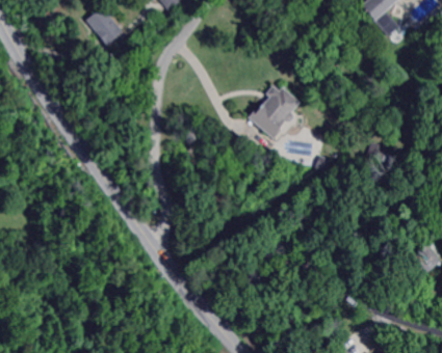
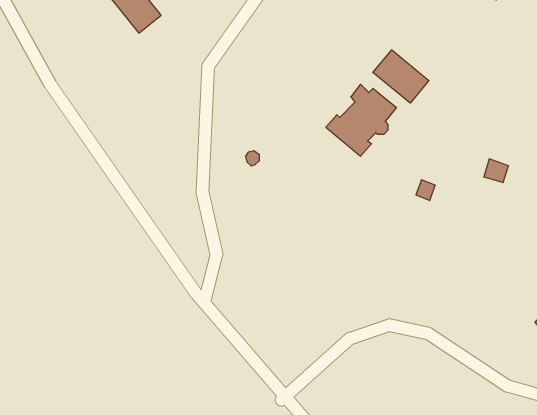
building: none -> [373,50,429,103]

